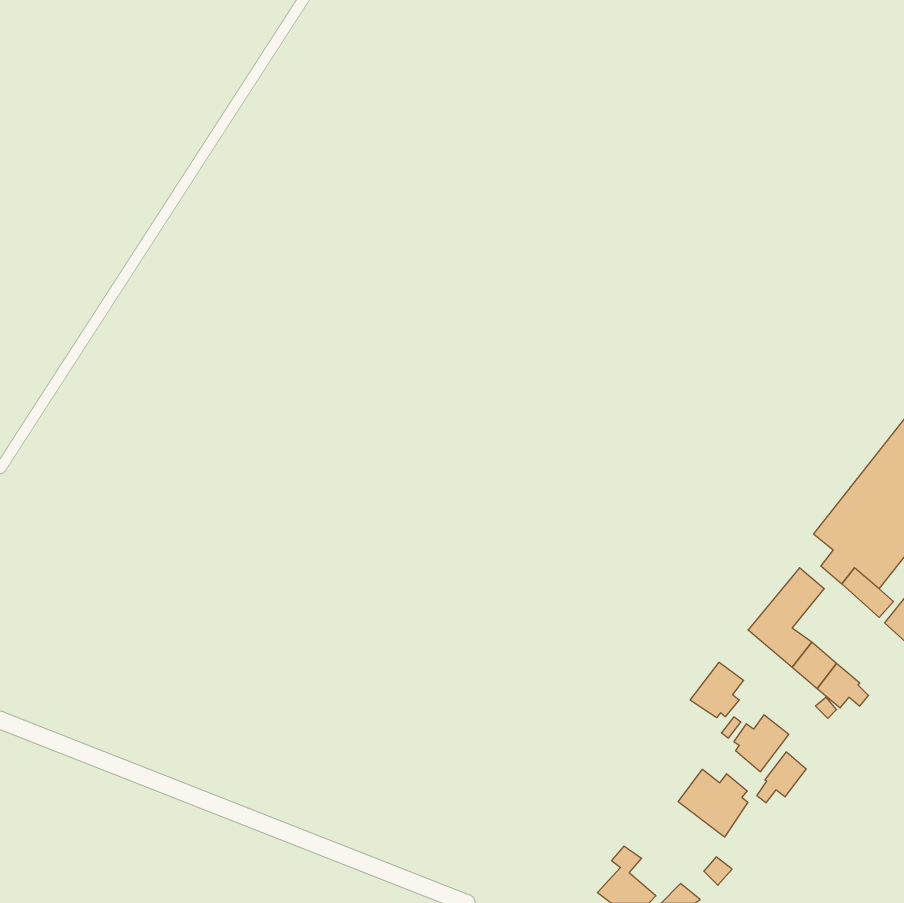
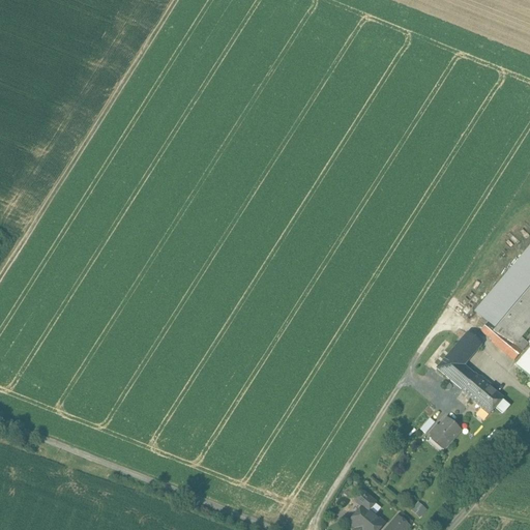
building: [690,662,744,718] -> none
building: [757,752,806,803] -> none
building: [678,769,748,837] -> none

